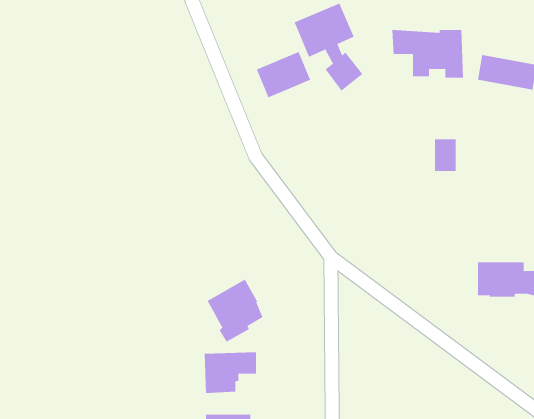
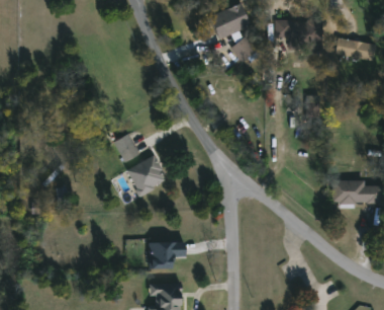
building: [256,51,311,98] -> none
building: none -> [113,131,140,162]
building: [207,279,263,342] -> [128,154,167,198]

